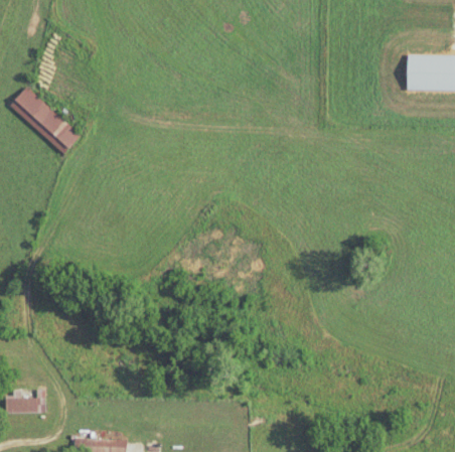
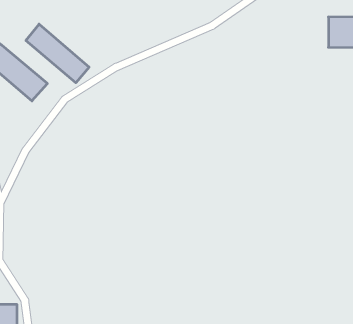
building: none -> [26,24,89,83]

